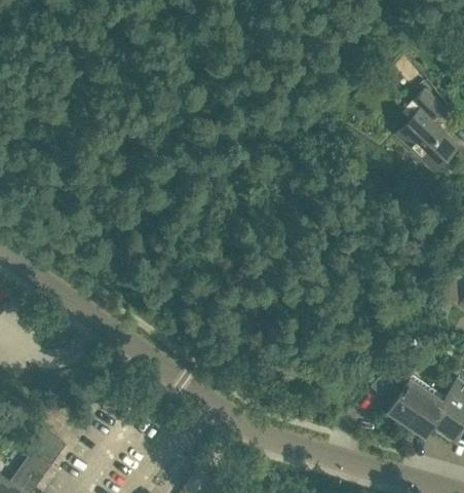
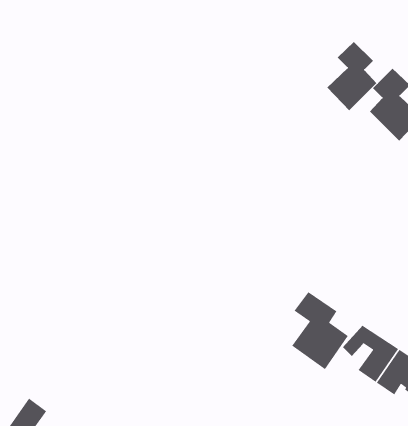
building: none -> [326,41,377,111]
building: none -> [291,291,349,370]

